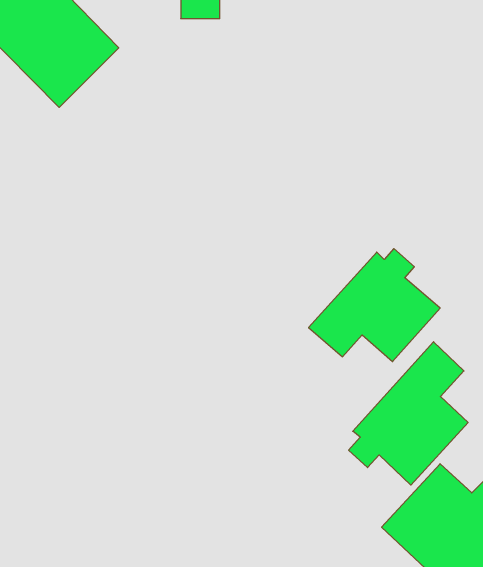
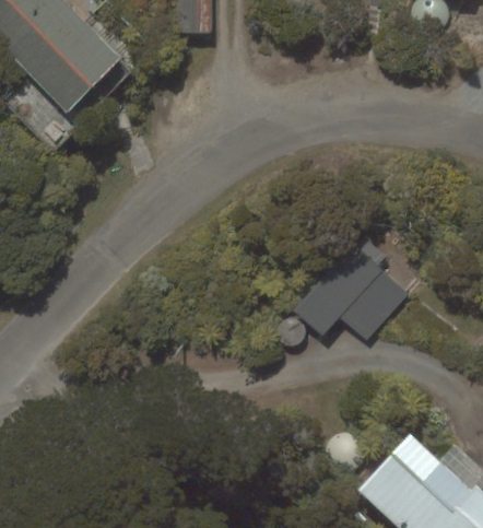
building: [349,342,468,485] -> none

